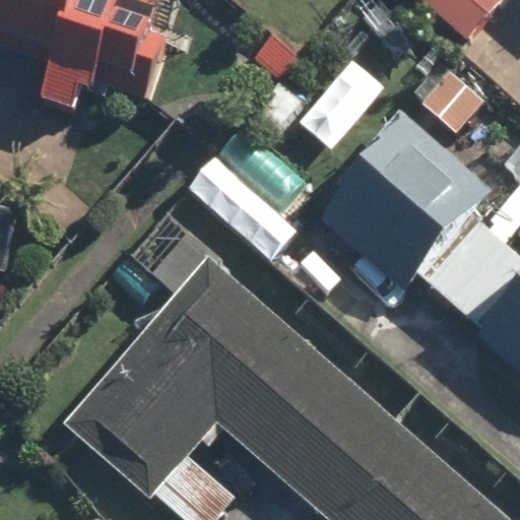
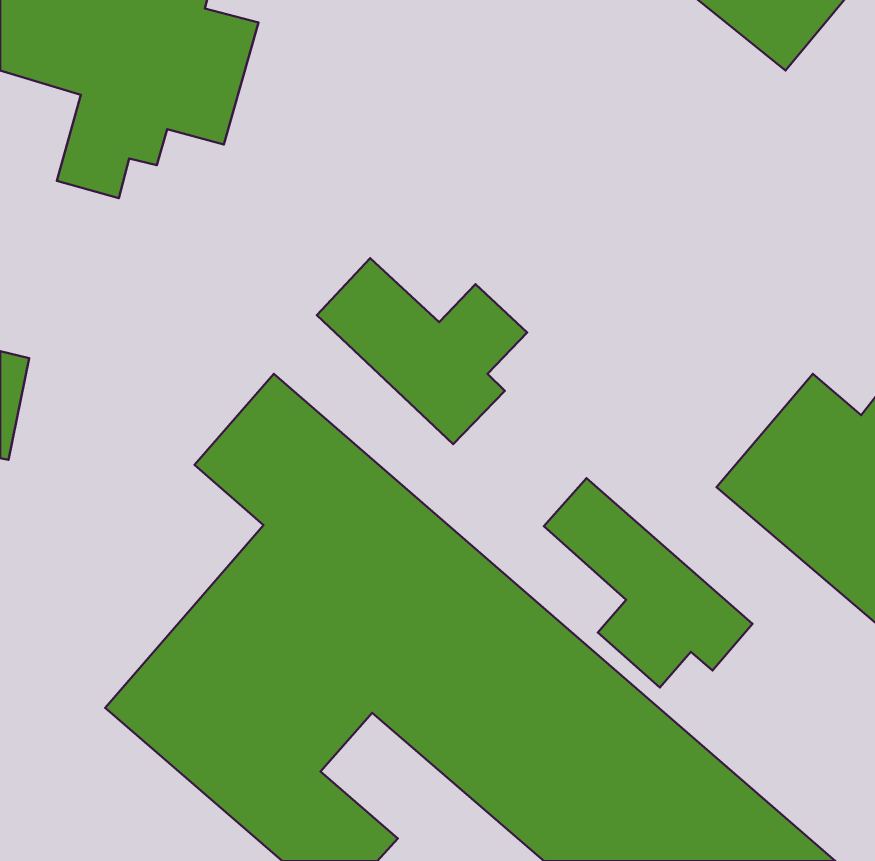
building: [318,114,497,294] -> none
building: none -> [544,478,752,688]

